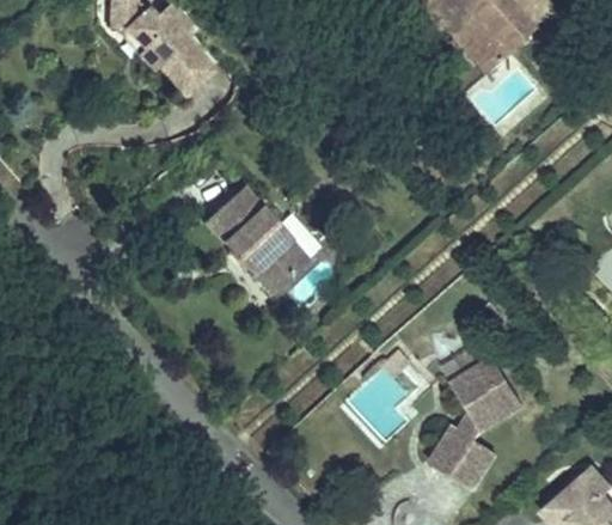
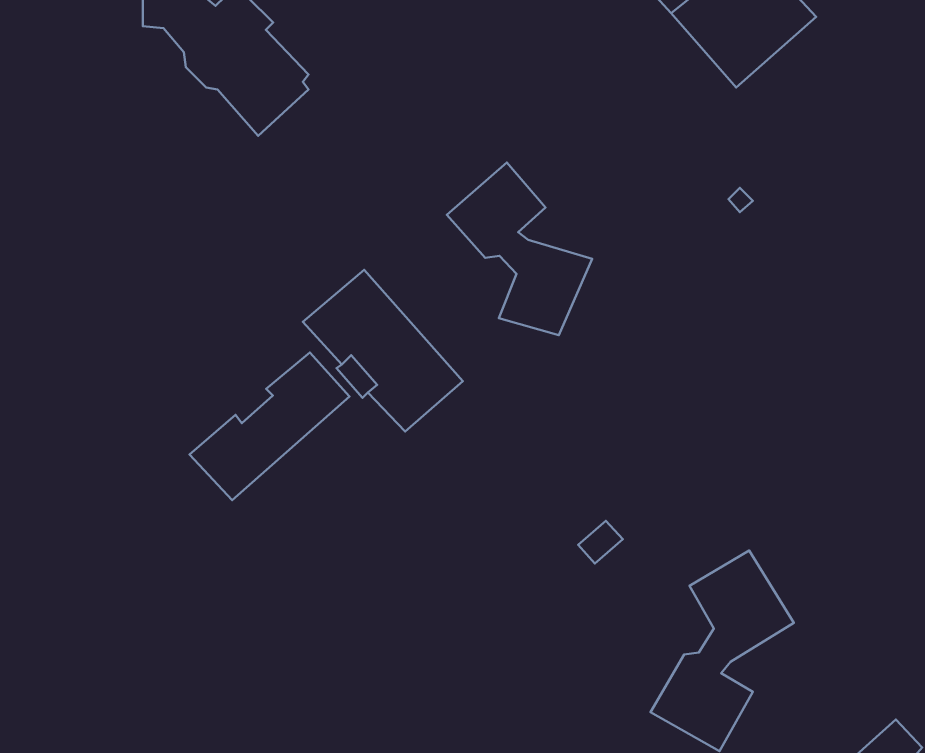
building: none -> [447,163,592,335]
building: none -> [189,352,350,500]

